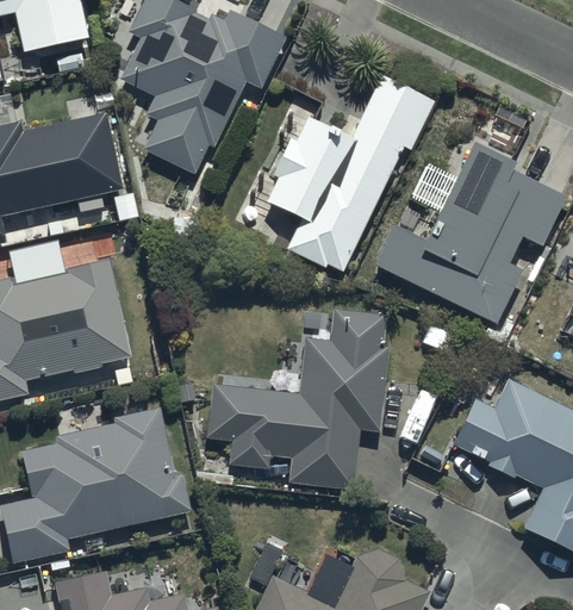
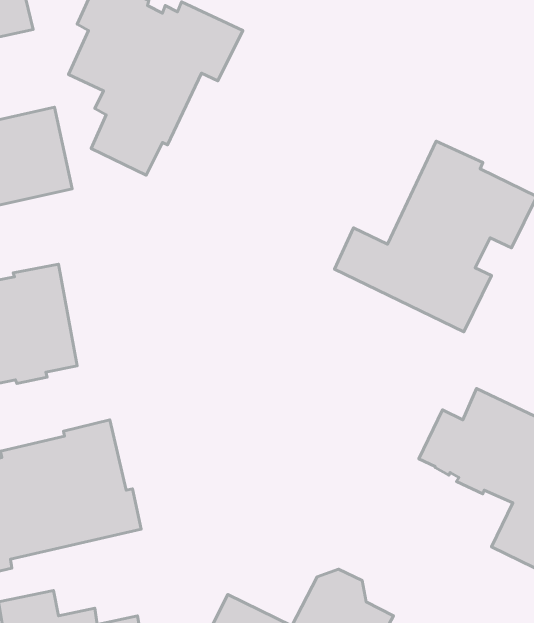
building: [266,75,435,270] -> none
building: [207,310,388,490] -> none

